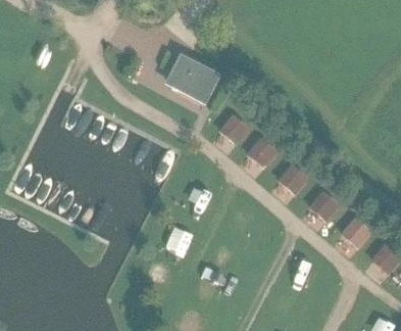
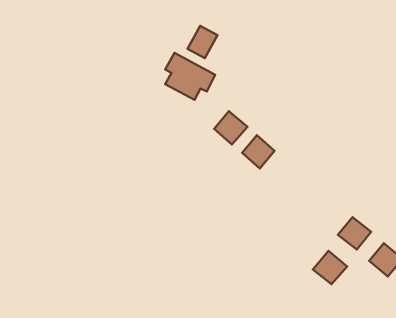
building: none -> [187,26,218,58]
building: [277,162,309,195] -> none
building: [307,189,341,222] -> [313,251,347,284]

